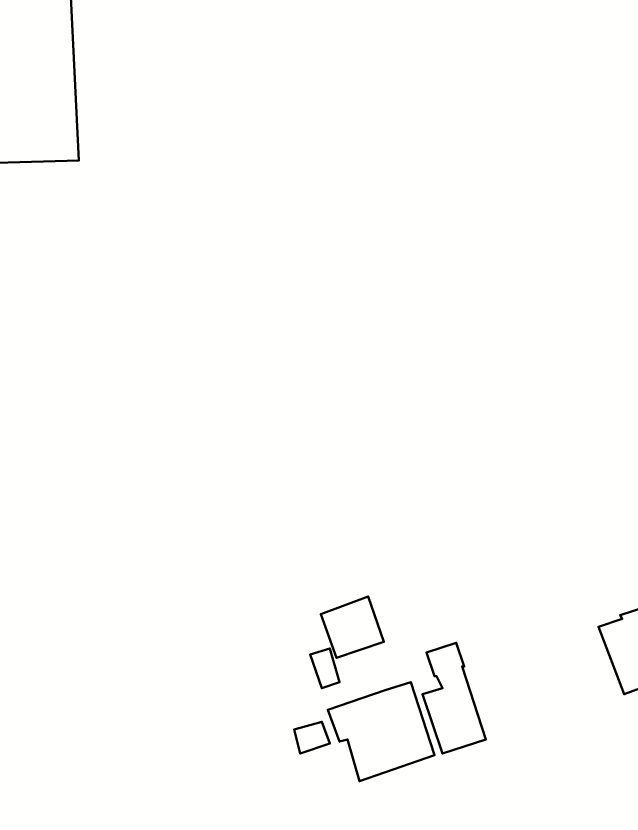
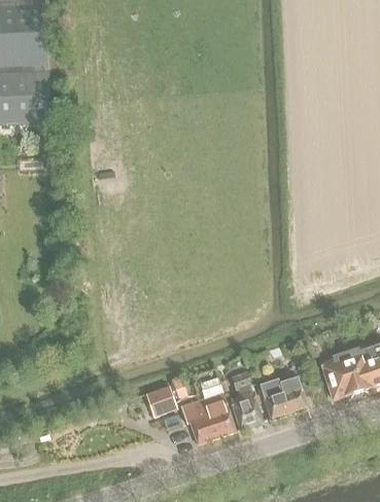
building: [321,597,384,658] -> [143,383,176,415]
building: none -> [258,375,306,418]

